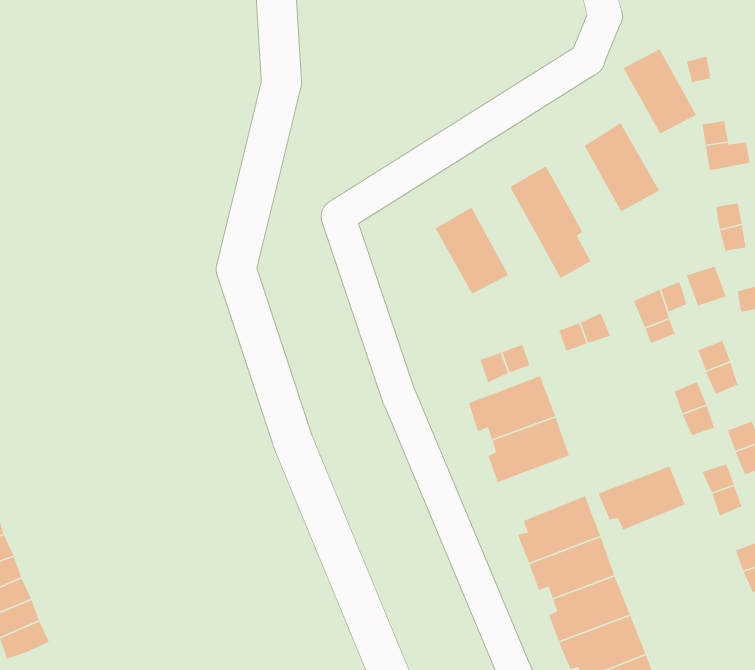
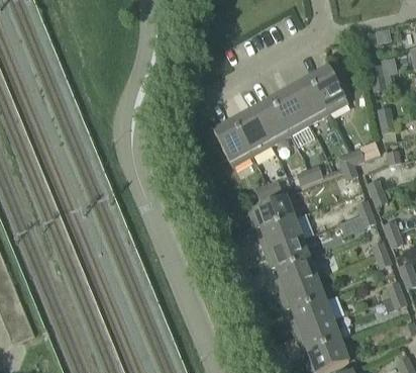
building: [623,48,697,135] -> [290,78,328,122]
building: none -> [251,99,290,145]
building: none -> [213,120,251,166]
building: [597,466,686,530] -> [265,238,310,271]

